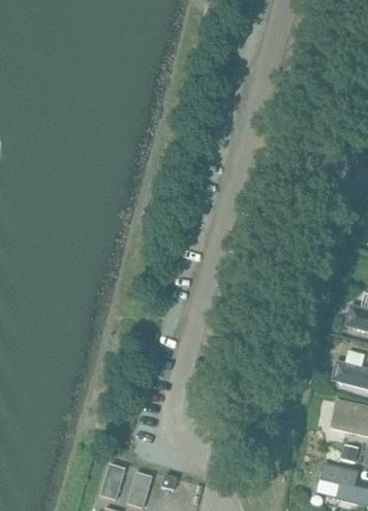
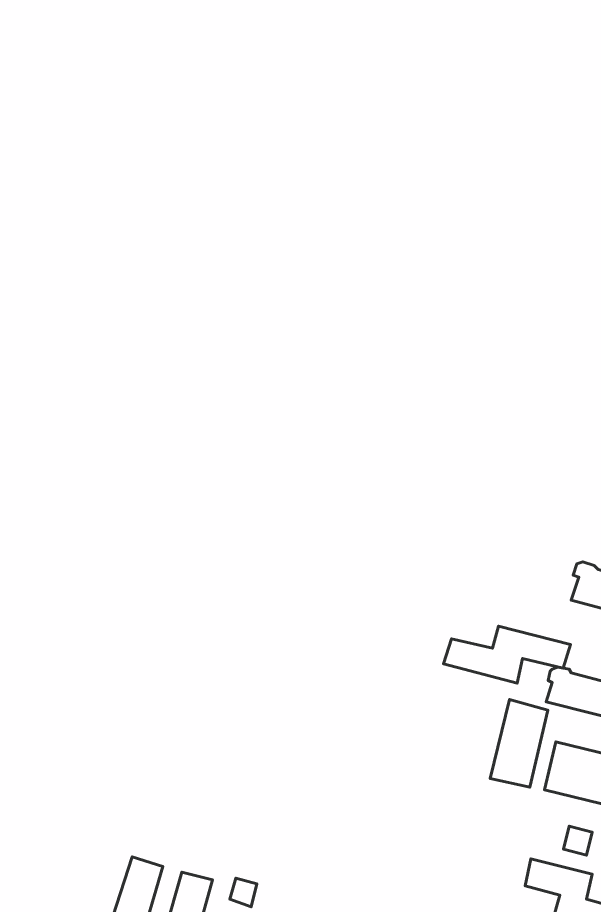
building: none -> [443,626,570,683]
building: none -> [490,700,548,787]

